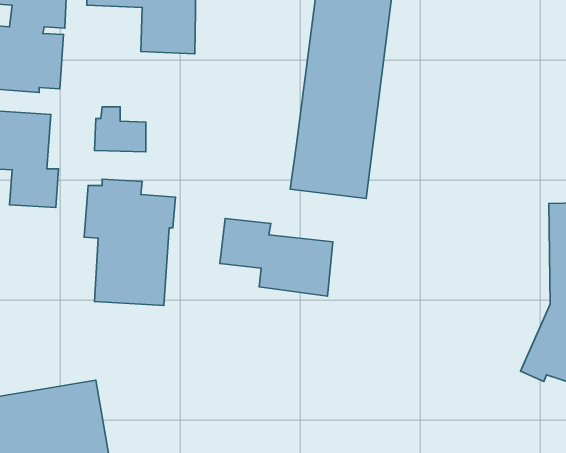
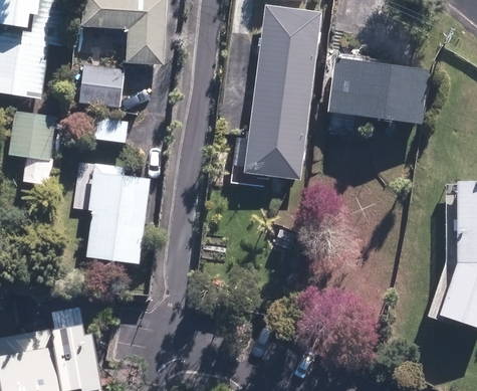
building: none -> [327,57,427,131]
building: none -> [80,64,125,107]
building: [220,218,333,296] -> none

